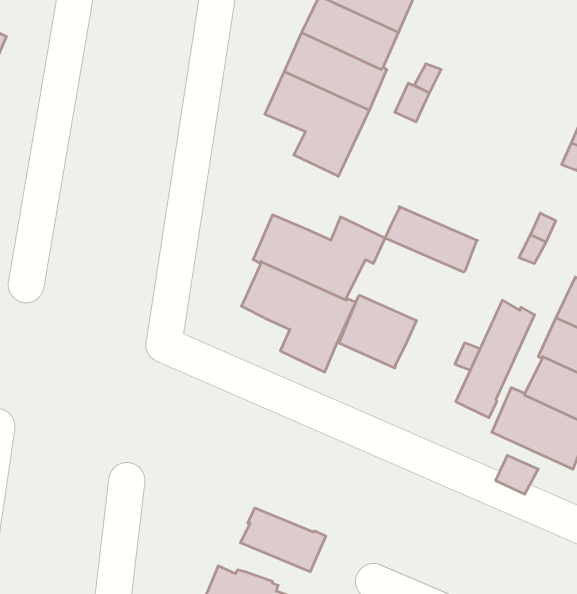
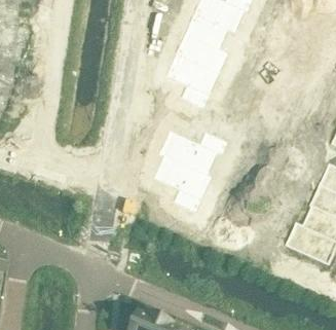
building: [385,207,478,272] -> none
building: [338,295,416,368] -> none
building: [456,300,535,418] -> none
building: [240,508,326,572] -> none

